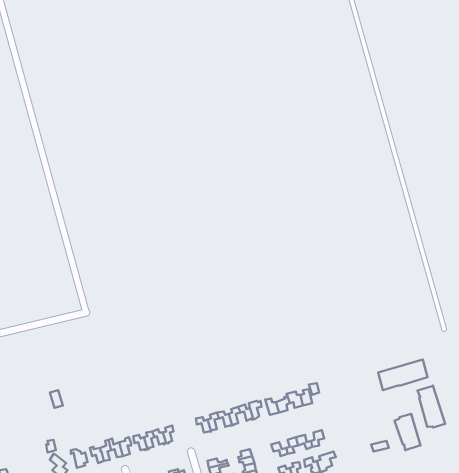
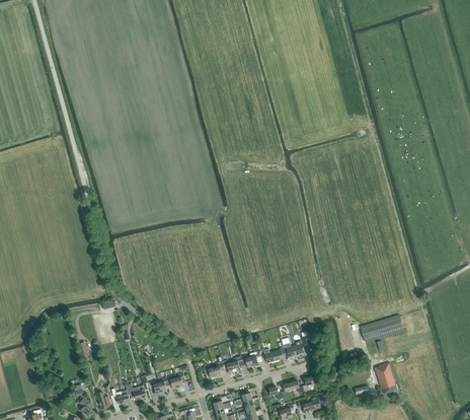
building: [417,386,445,428] -> none

